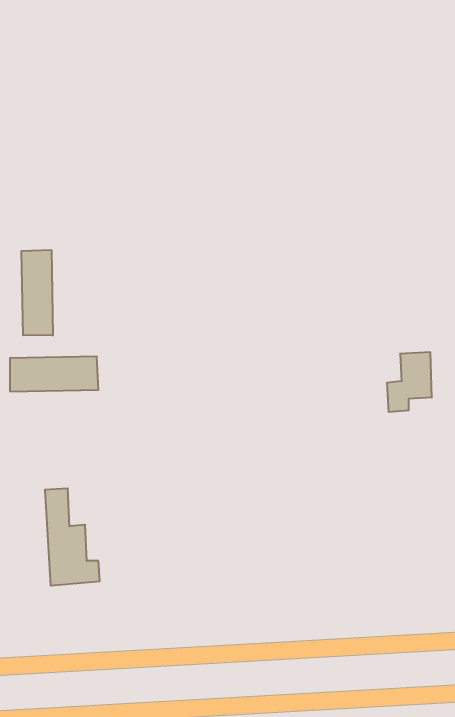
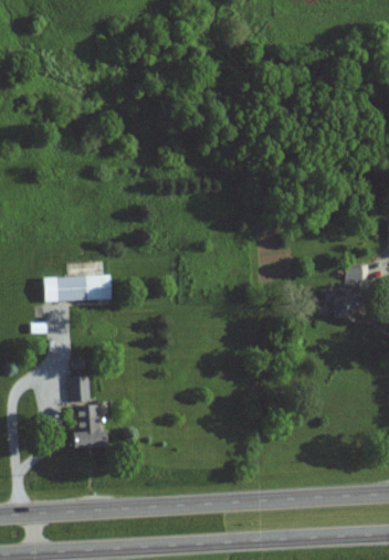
building: [22,250,53,336] -> none

